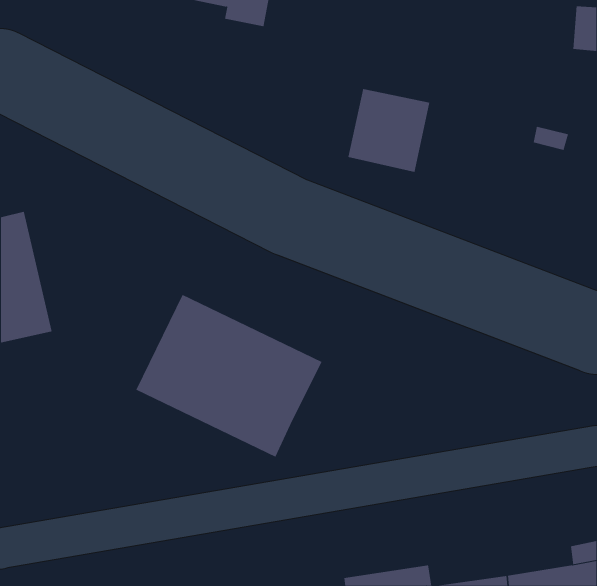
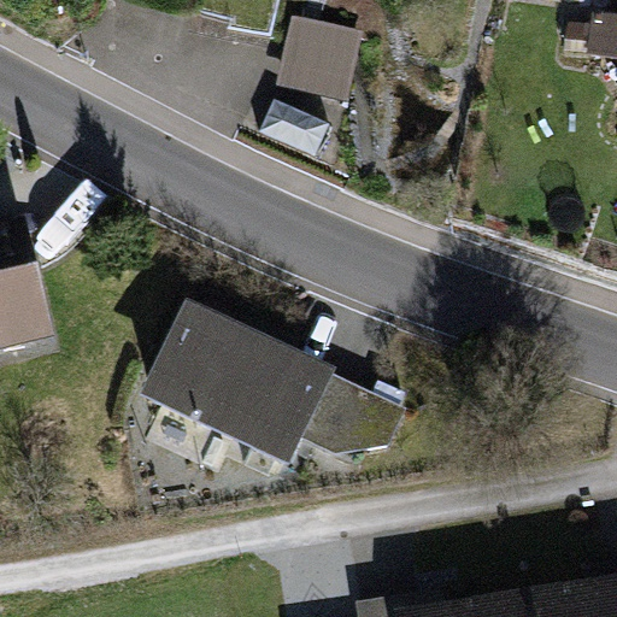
building: [347,88,430,172] -> [277,11,363,98]
building: none -> [302,374,406,449]

